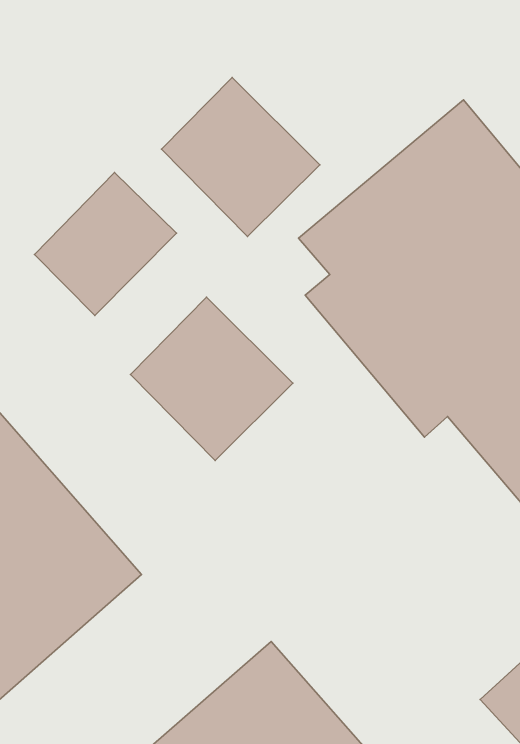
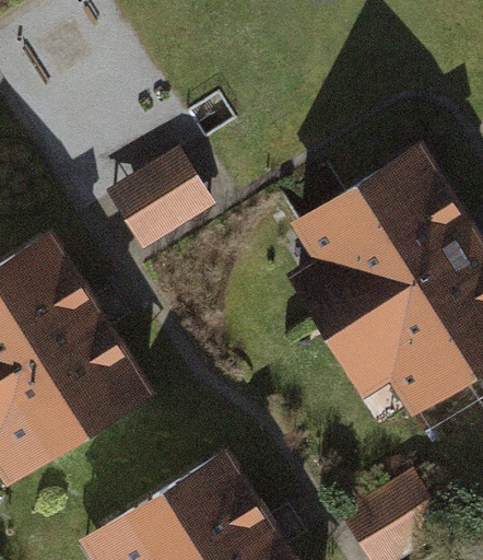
building: [162,78,320,236] -> none
building: [131,297,293,460] -> none

